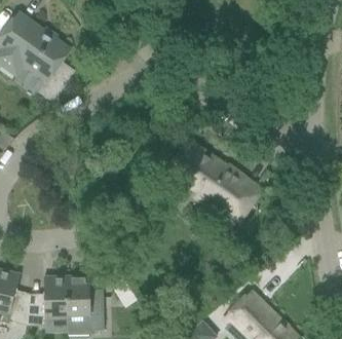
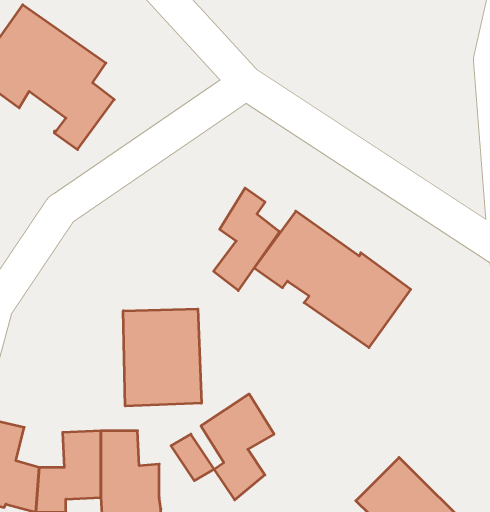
building: none -> [214,188,279,291]
building: none -> [123,309,201,406]
building: none -> [201,394,274,500]

